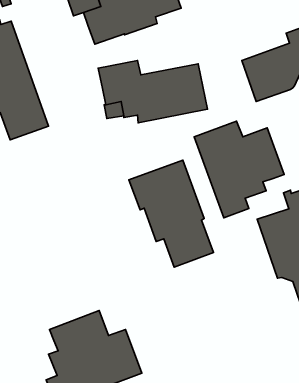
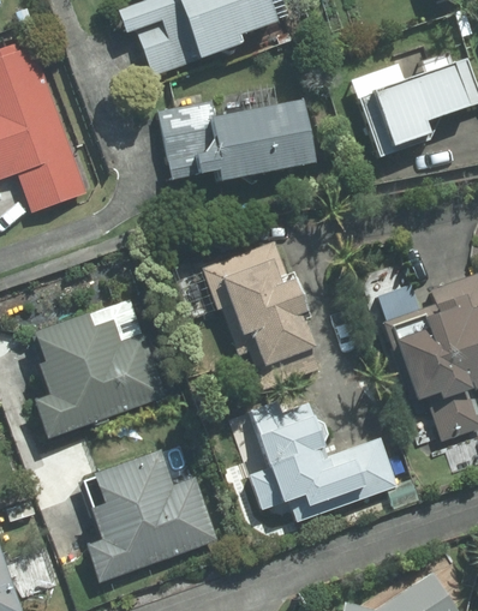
building: [194,121,284,218] -> none
building: none -> [29,313,167,441]
building: none -> [250,403,396,521]

